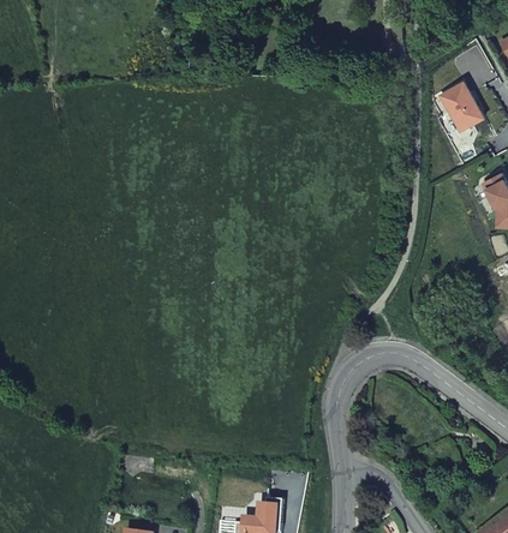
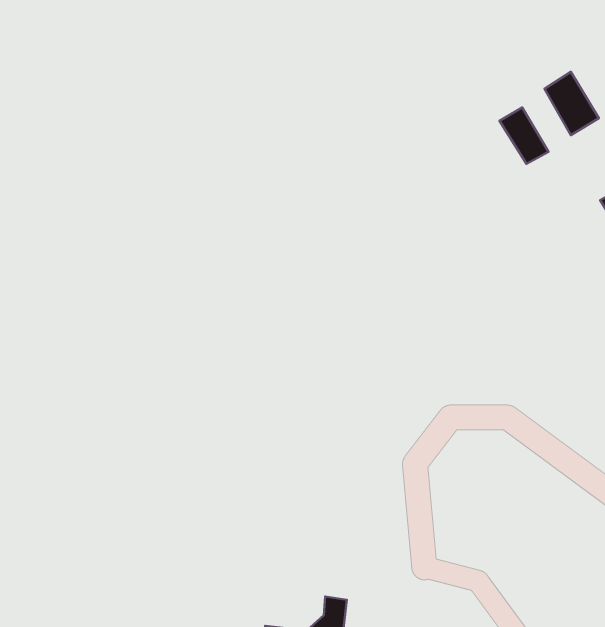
building: none -> [499,108,549,164]

